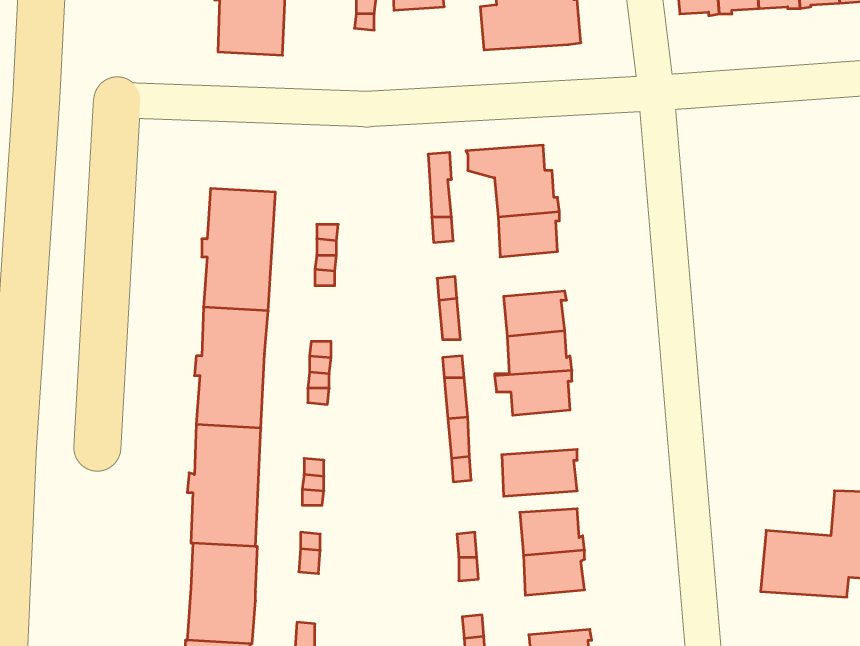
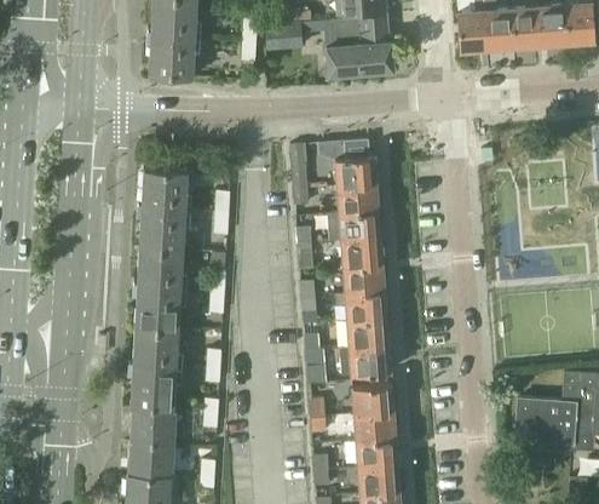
building: none -> [339,211,382,241]
building: none -> [340,317,391,348]
building: none -> [356,439,399,469]

